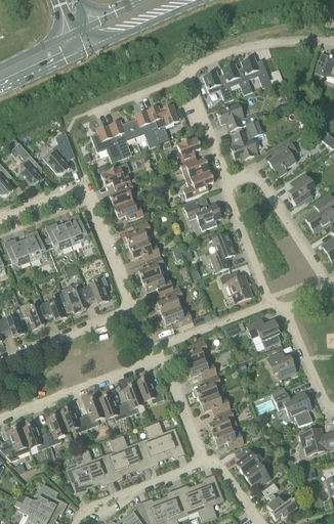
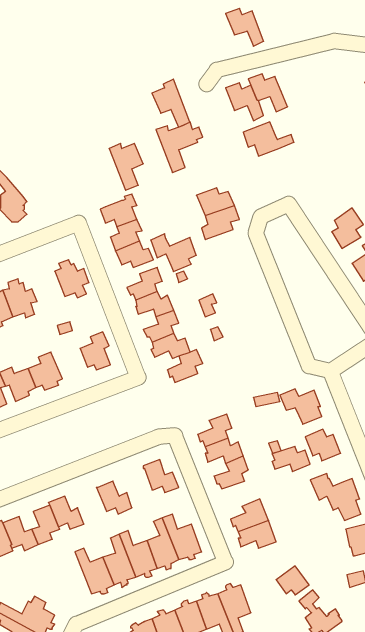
building: [240,56,270,87] -> [226,8,264,46]
building: [128,108,159,147] -> [152,79,190,127]
building: [229,119,262,159] -> none
building: [90,124,121,162] -> none
building: [42,135,74,173] -> none
building: [175,136,200,162] -> none
building: [267,138,297,176] -> none
building: [183,199,220,229] -> [151,234,196,272]
building: [45,221,72,255] -> none
building: [209,232,235,271] -> none
building: [219,269,251,302] -> none
building: [60,285,90,312] -> none
building: [161,306,192,326] -> none
building: [122,383,143,414] -> none
building: [199,393,229,413] -> [272,446,310,472]
building: [82,395,105,428] -> none
building: [235,446,263,473] -> none
building: [67,450,93,492] -> none

